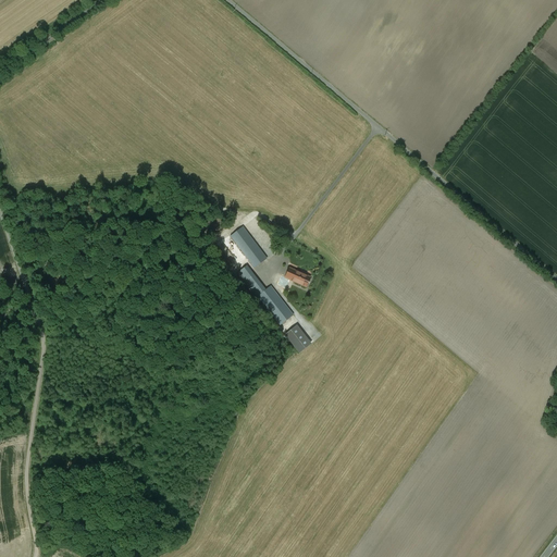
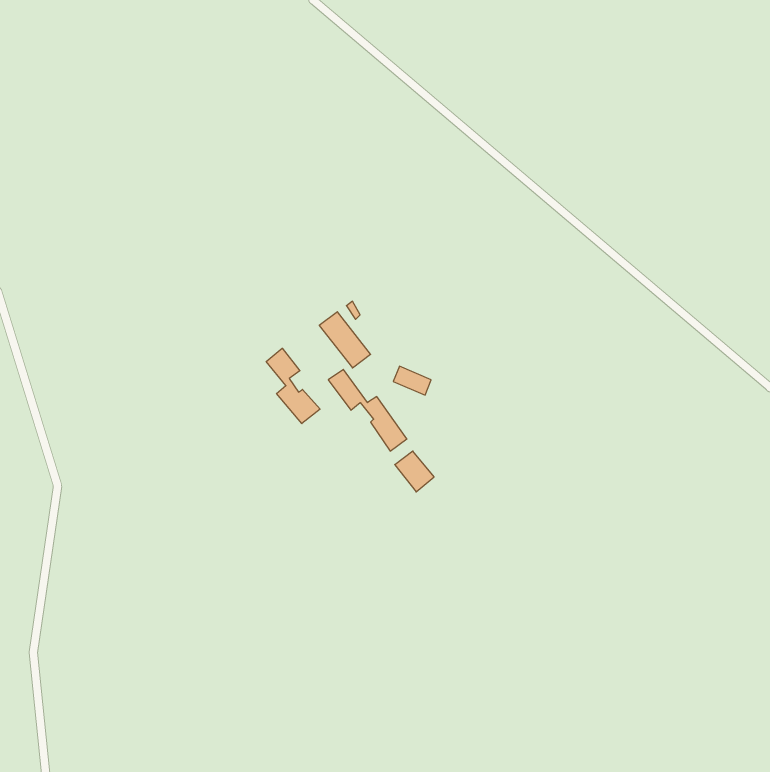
building: none -> [266,348,320,424]

